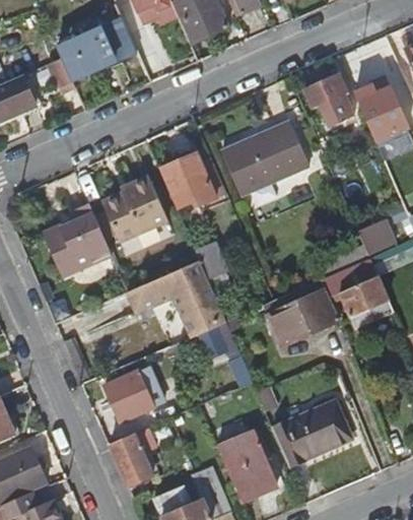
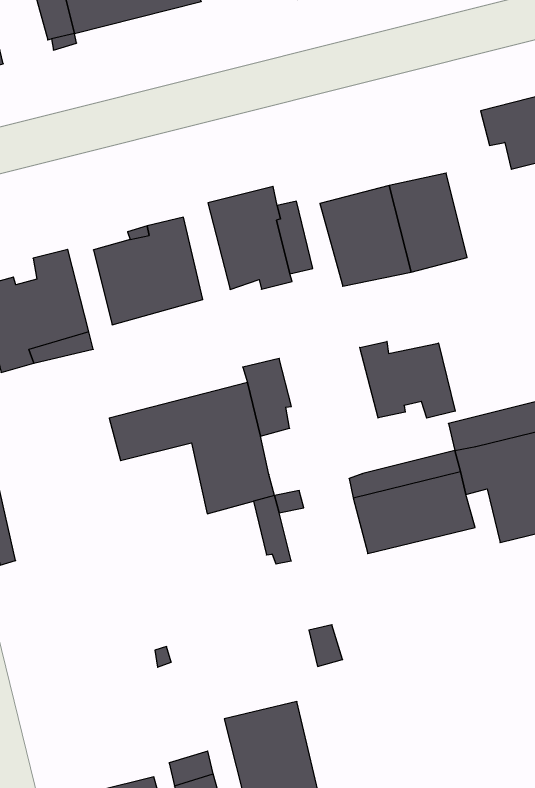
building: none -> [360,341,455,418]
building: [102,366,159,420] -> none
building: [272,403,347,464] -> none
building: [109,428,152,485] -> none

